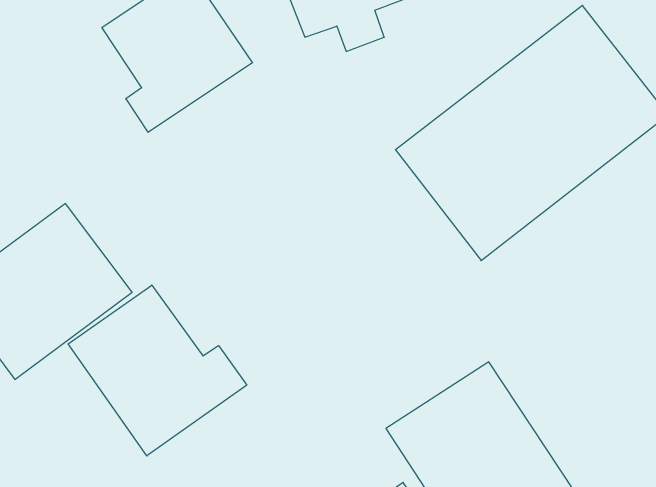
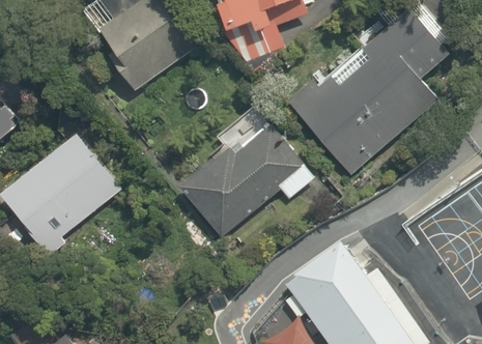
building: none -> [172,124,319,241]
building: [68,285,247,456] -> none

